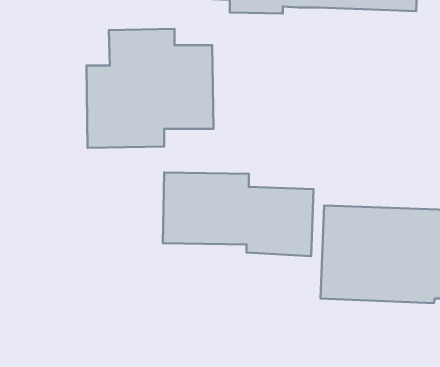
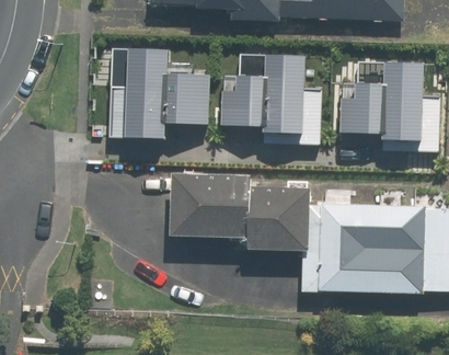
building: none -> [228,51,301,135]
building: none -> [330,55,422,136]

